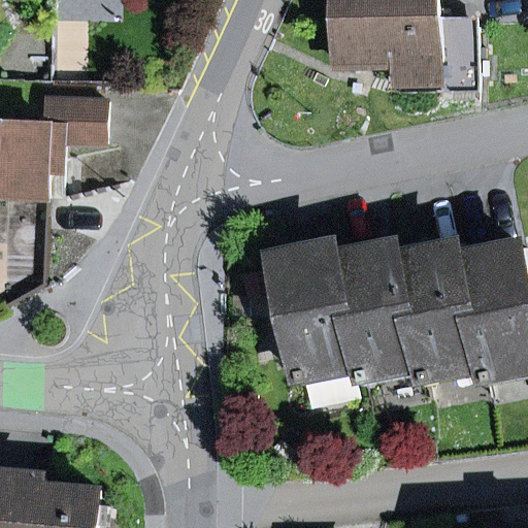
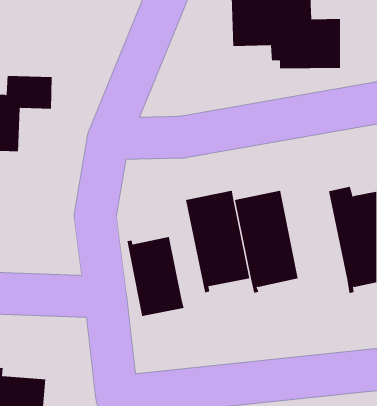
building: [398,242,483,381] -> none
building: none -> [127,236,184,317]

